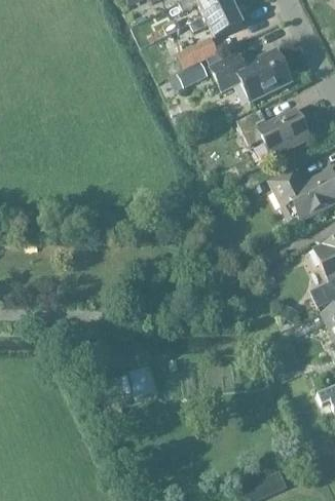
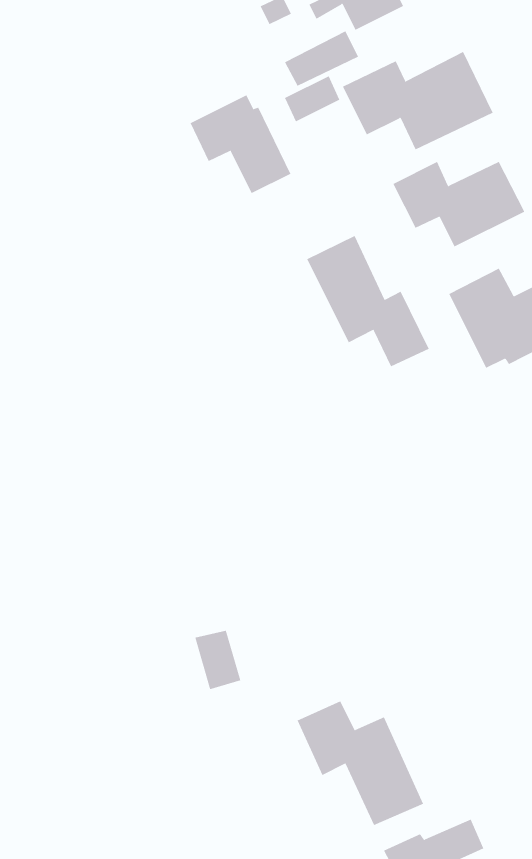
building: none -> [190,94,291,194]
building: none -> [306,235,430,367]
building: none -> [297,700,424,826]

